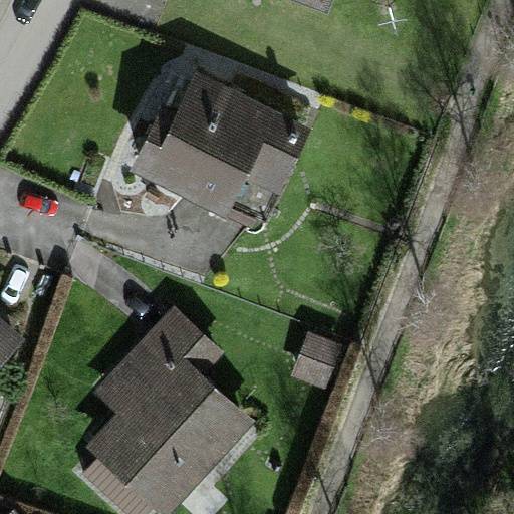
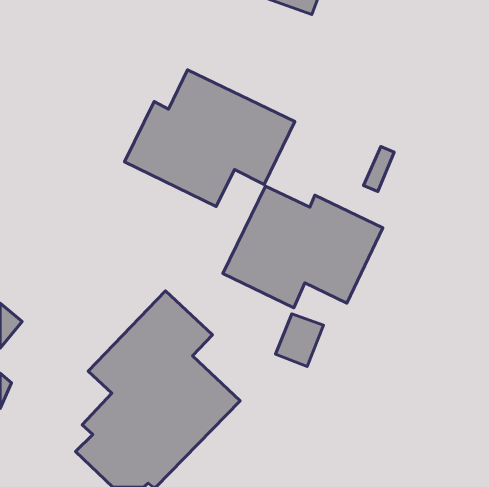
building: none -> [223,186,383,308]

